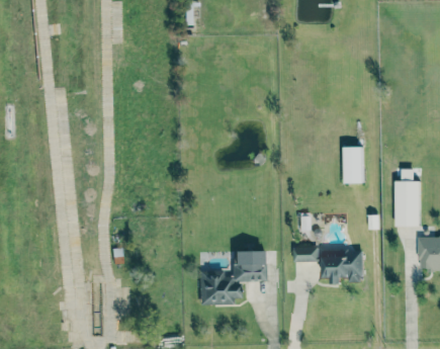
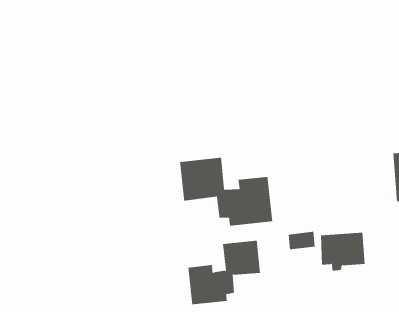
building: [344,146,363,183] -> none
building: none -> [180,157,273,226]

